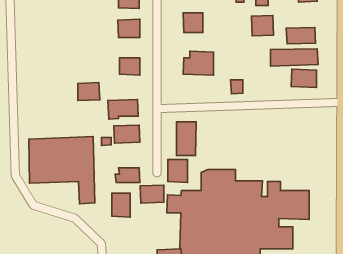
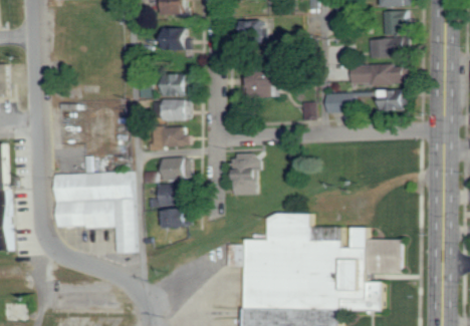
building: [251,15,273,36] -> [383,10,410,35]
building: none -> [324,93,354,113]
building: [78,83,100,101] -> [164,99,191,121]
building: [168,159,187,182] -> none
building: [140,185,164,203] -> [157,184,186,206]
building: [112,193,130,217] -> none

